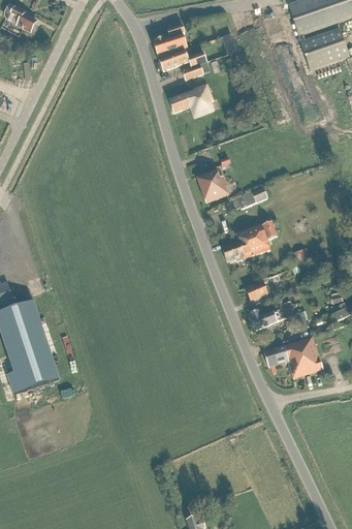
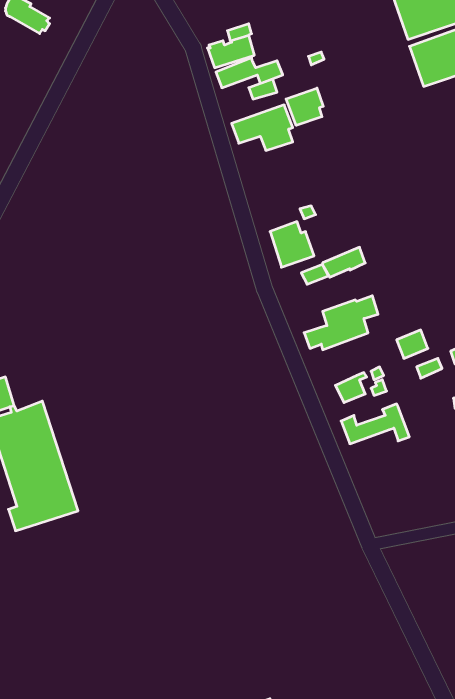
building: none -> [286,88,323,125]
building: [264,337,323,379] -> none

